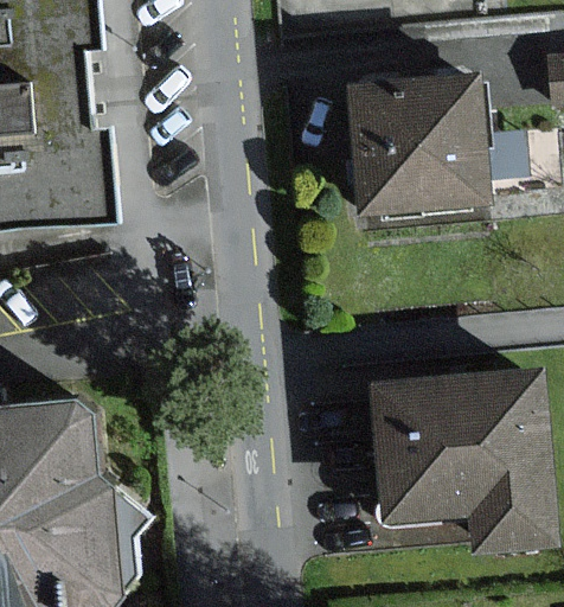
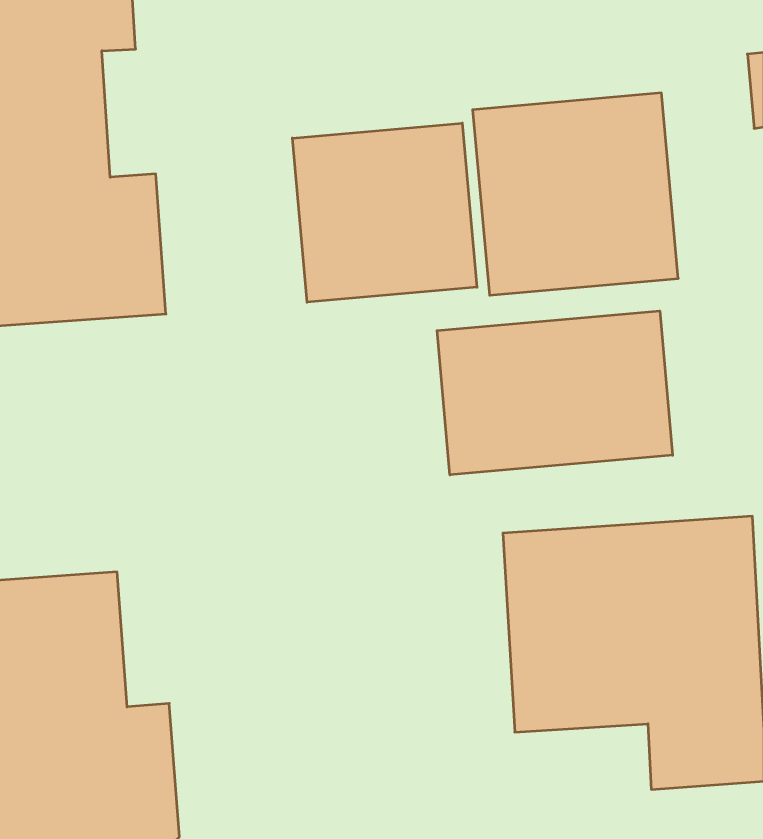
building: none -> [292,123,477,302]
building: none -> [437,311,673,475]

